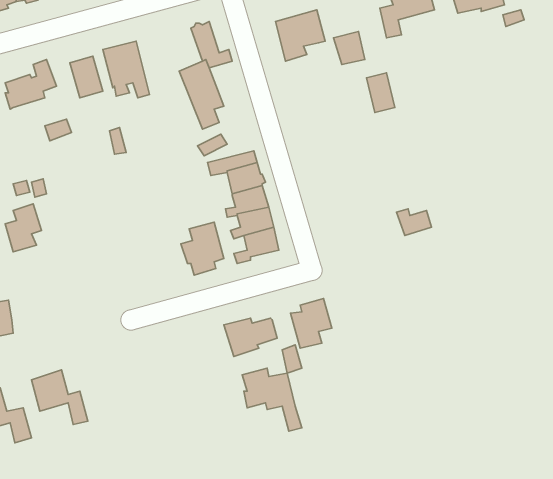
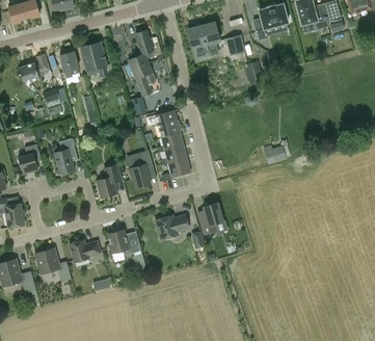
building: none -> [54,138,77,174]
building: none -> [97,164,122,198]
building: none -> [70,240,101,262]
building: [242,368,302,431] -> [108,229,145,268]

